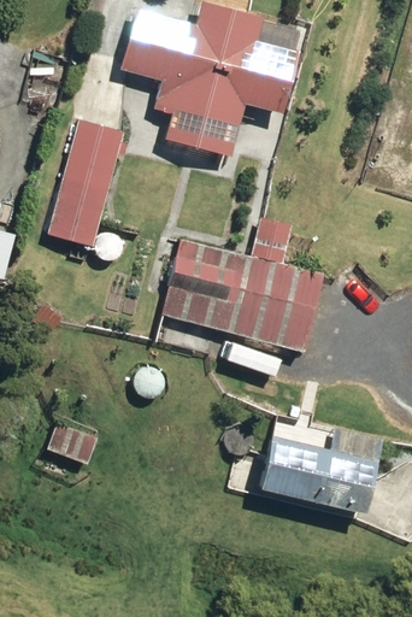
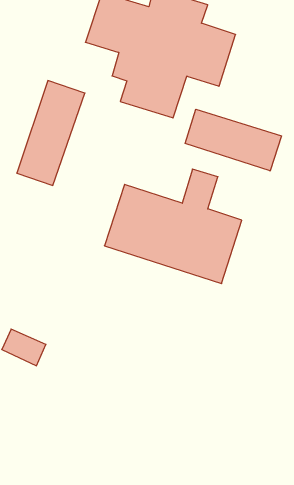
building: none -> [185,109,281,171]
building: [261,425,385,512] -> none

